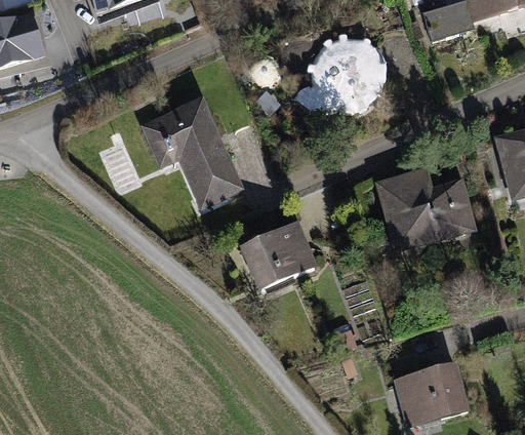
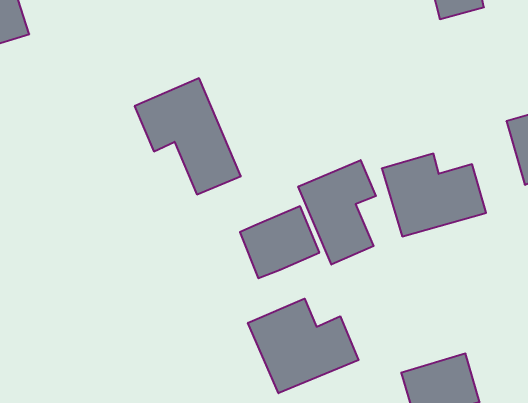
building: [295,37,386,115] -> none
building: none -> [298,160,376,265]
building: none -> [248,299,359,393]

